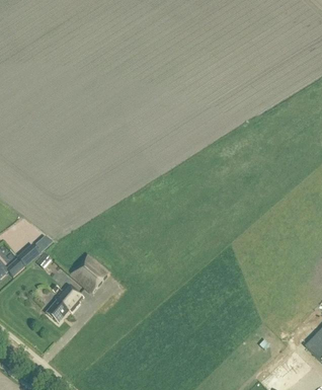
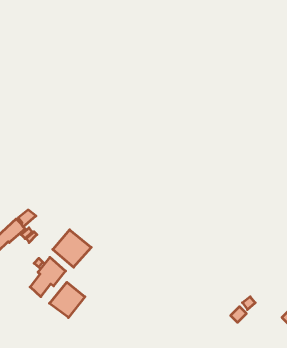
building: none -> [49,282,85,318]

